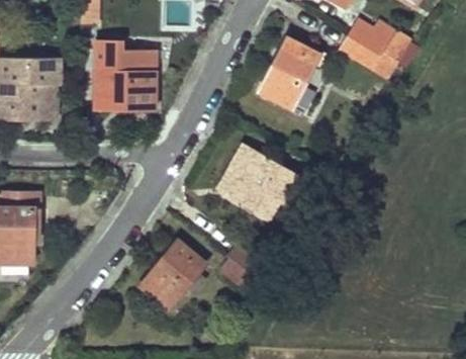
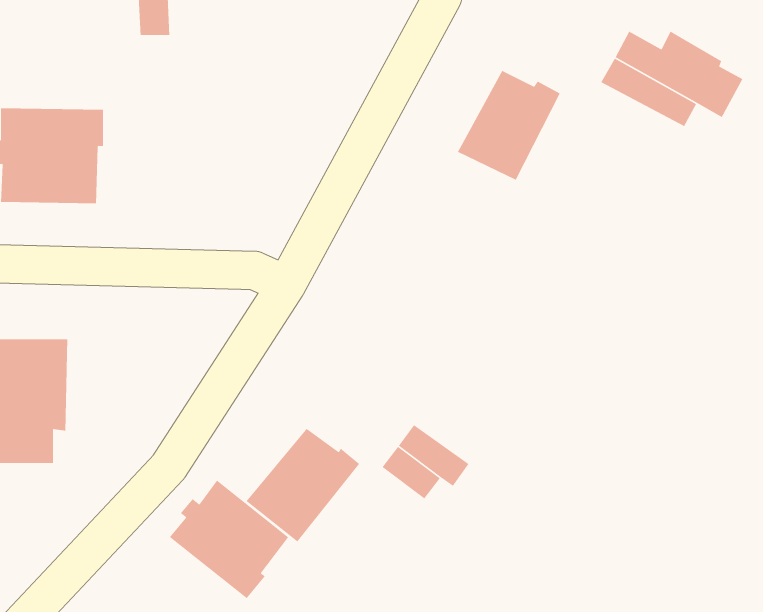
building: [97,41,161,106] -> none
building: [215,143,294,218] -> none
building: none -> [169,480,289,599]

